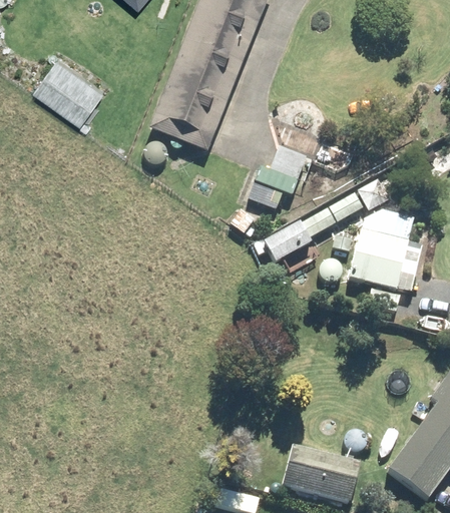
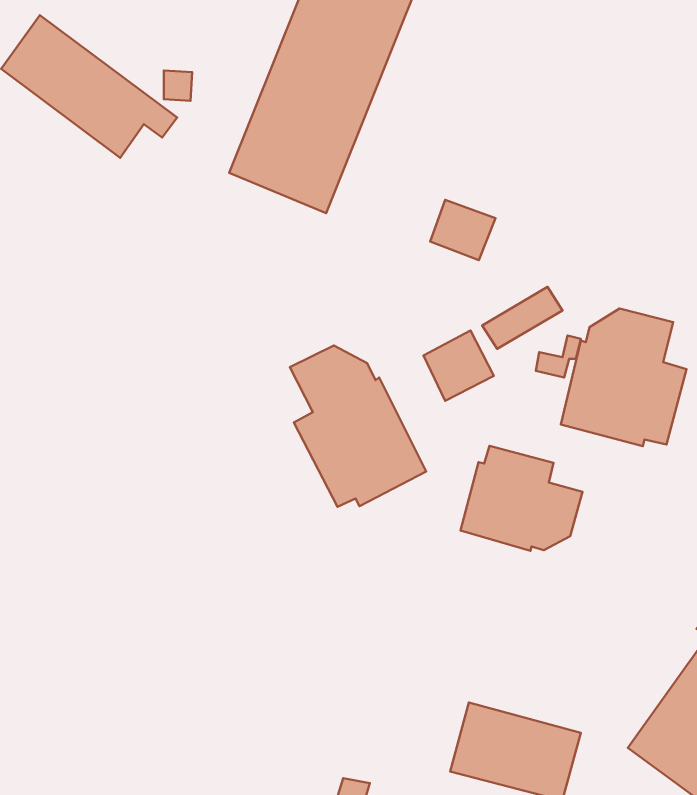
building: none -> [290,345,426,507]
building: none -> [461,446,583,551]

